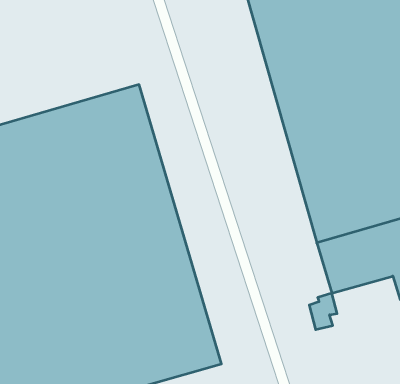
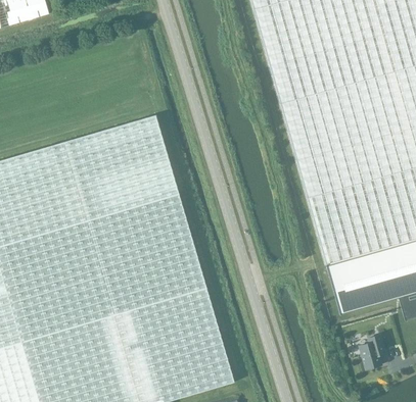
building: [309,293,337,330] -> [359,335,385,369]

